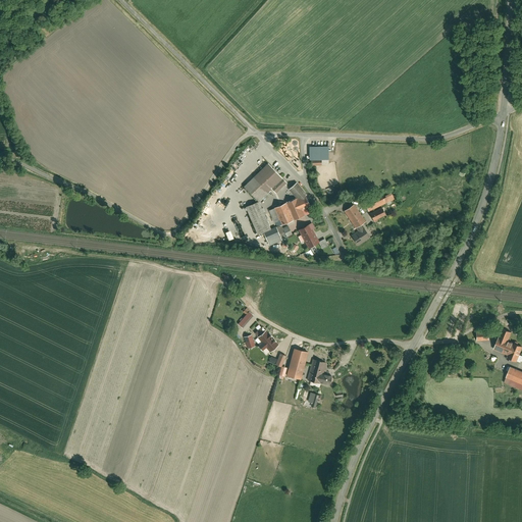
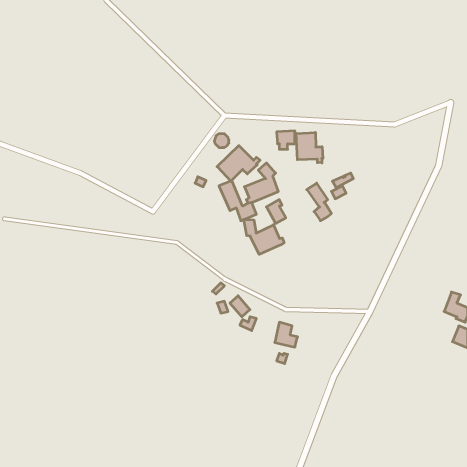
building: none -> [296,132,323,163]
building: none -> [244,219,284,254]
building: [286,349,308,380] -> none

